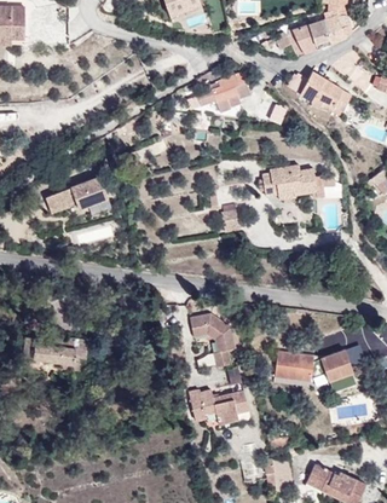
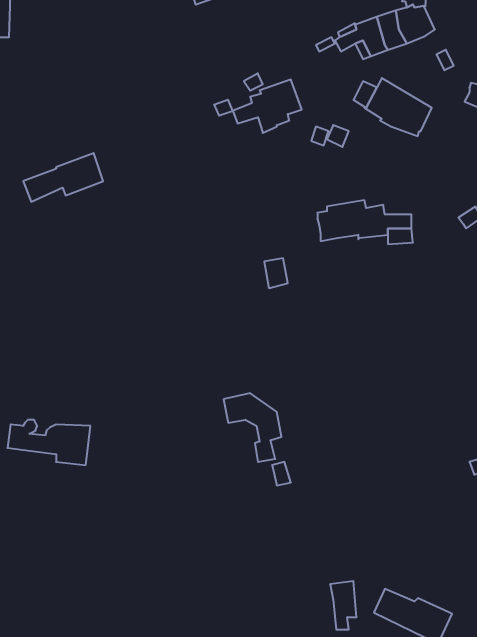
building: [46,175,108,213] -> [23,153,103,202]
building: [275,348,353,381] -> none
building: [190,389,248,424] -> none

